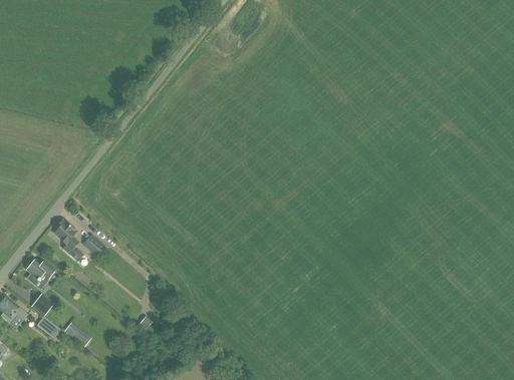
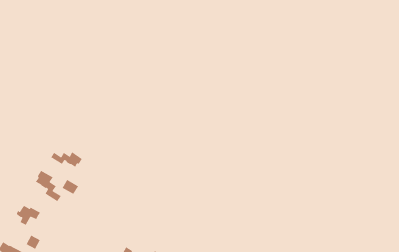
building: none -> [50,151,83,168]

